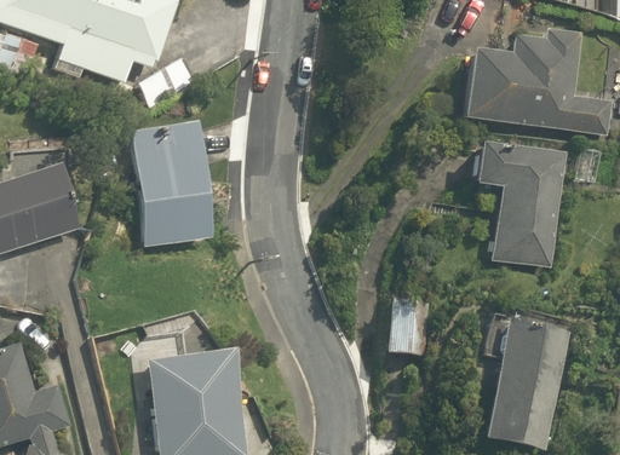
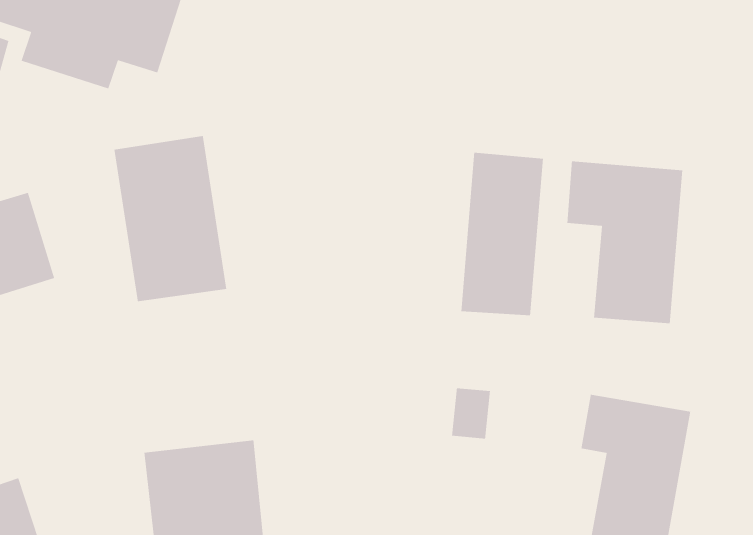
building: [470,35,608,129] -> none
building: none -> [460,152,544,316]

